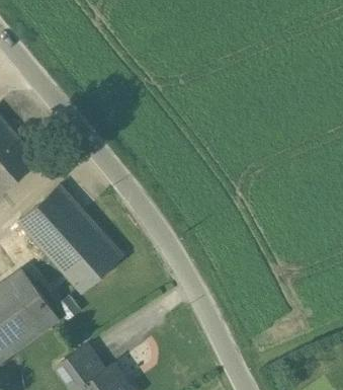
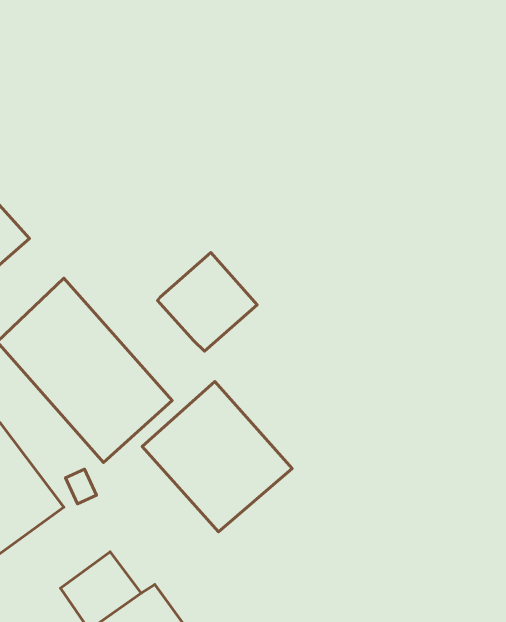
building: none -> [157,252,257,351]
building: none -> [142,381,292,532]

